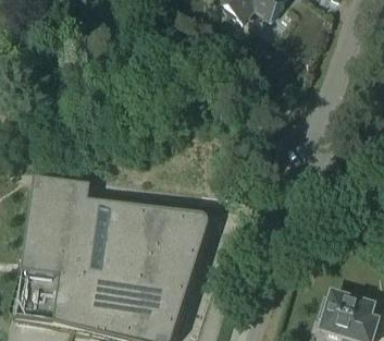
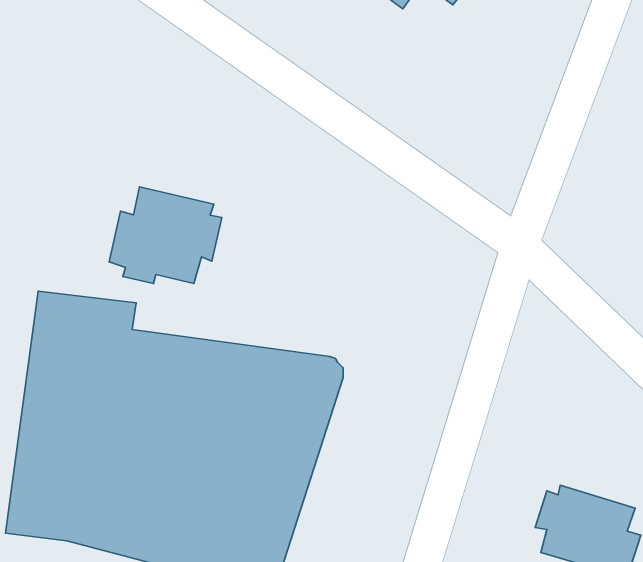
building: none -> [109,187,222,284]

